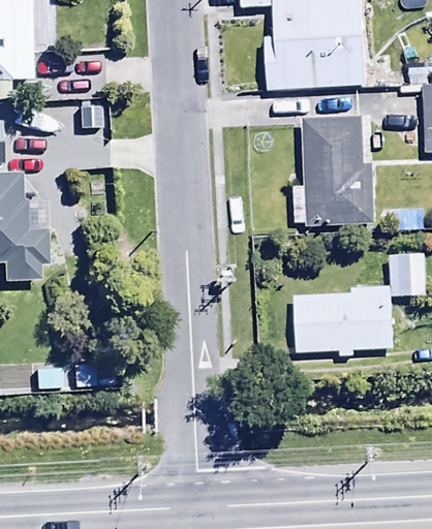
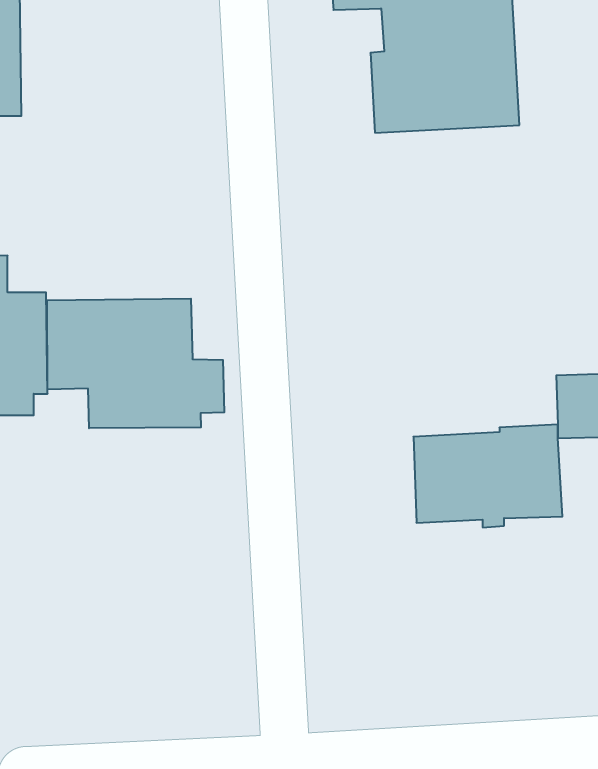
building: [295,119,374,225] -> none
building: none -> [47,299,224,428]

